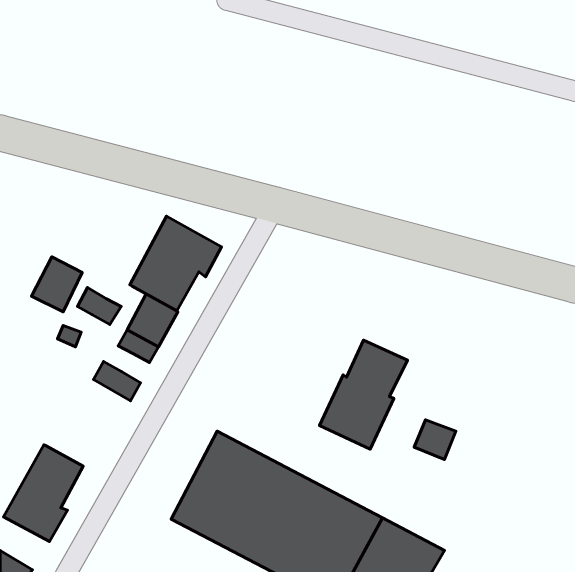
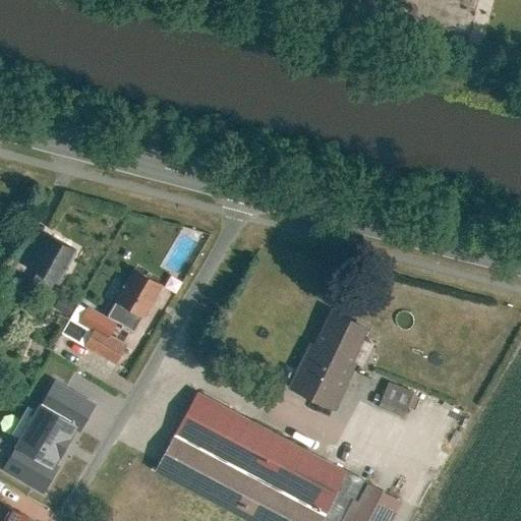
building: [130,216,222,311] -> none
building: [77,287,121,325] -> [80,305,120,339]
building: none -> [42,382,94,427]

